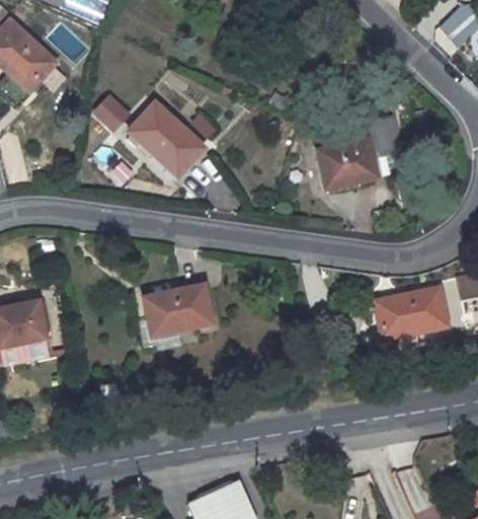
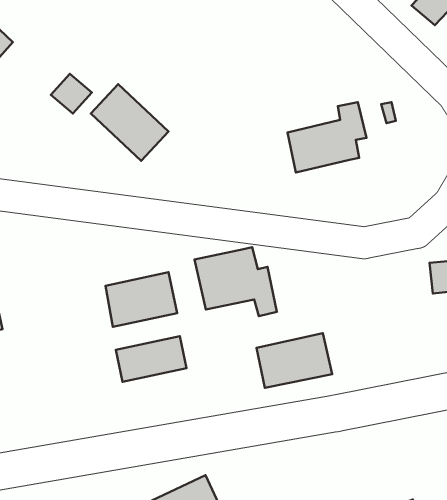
building: none -> [195,247,277,316]
building: [375,287,448,340] -> [256,333,332,388]
building: none -> [116,336,186,382]

